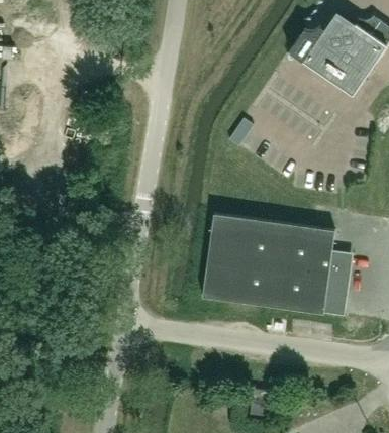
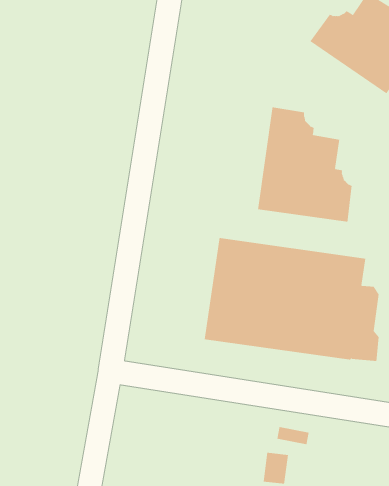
building: none -> [257,107,352,223]

